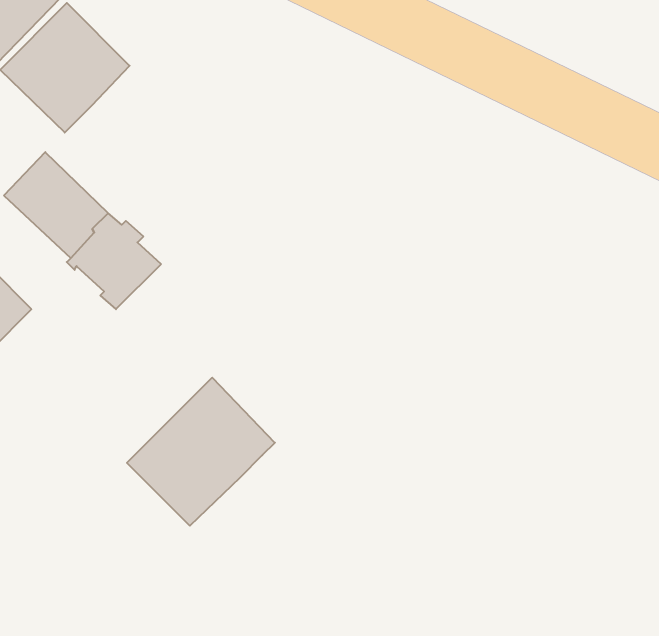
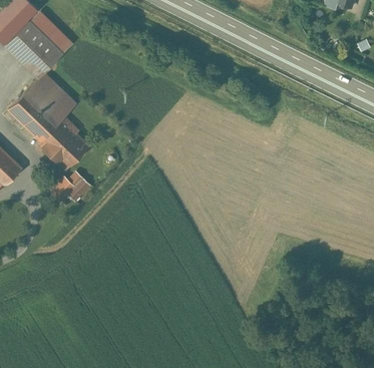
building: none -> [28,73,75,119]
building: none -> [47,173,88,202]
building: [127,378,275,526] -> none

